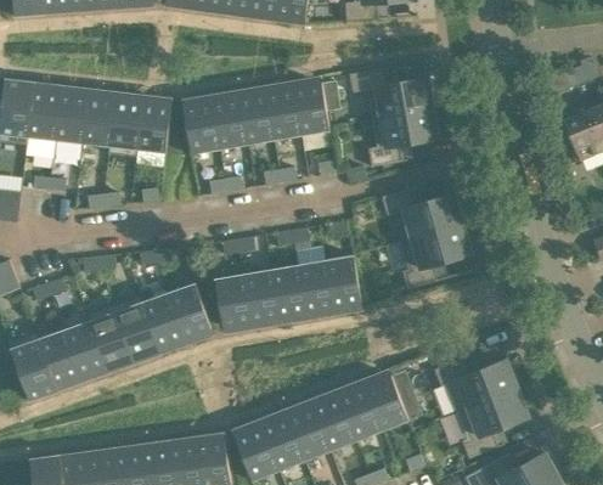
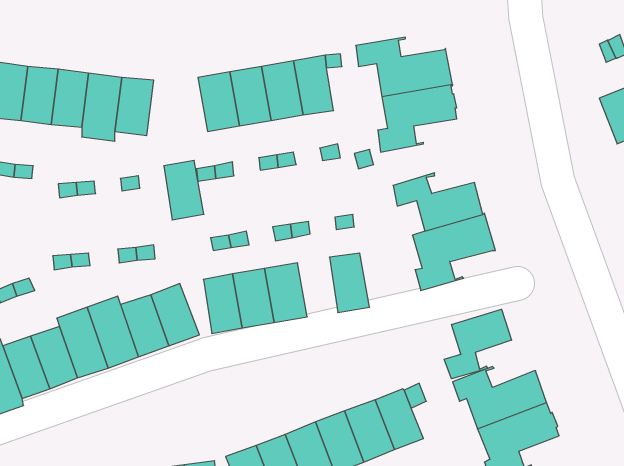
building: [184,102,219,154] -> [164,160,204,220]
building: [298,260,333,312] -> none
building: none -> [444,309,512,379]

